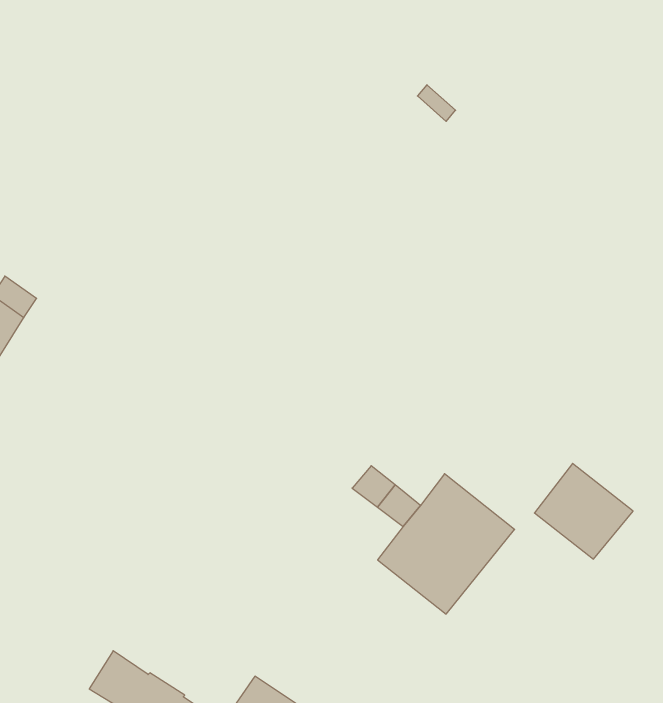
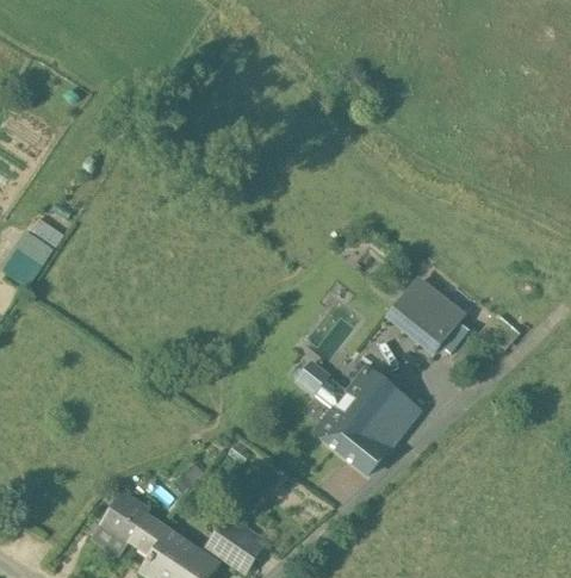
building: [534,463,633,559] -> [390,278,464,349]

